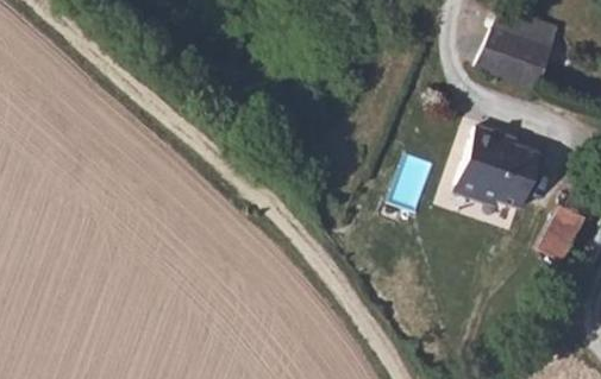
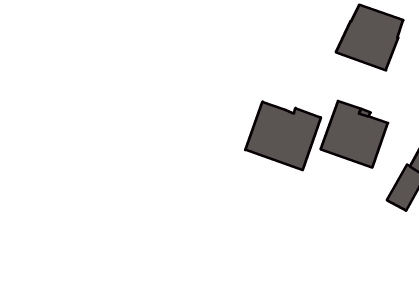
building: none -> [245,102,321,170]

